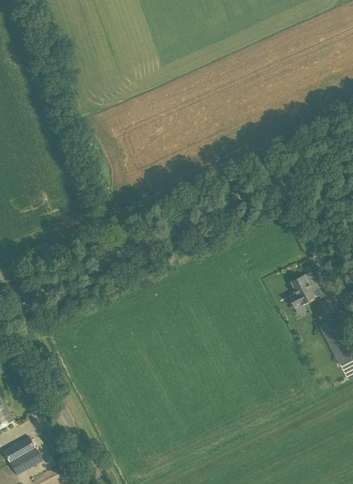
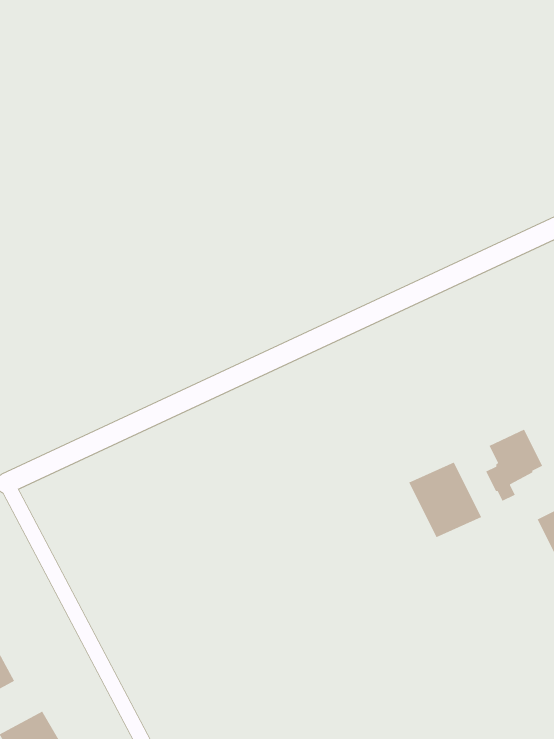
building: none -> [408,461,482,538]

